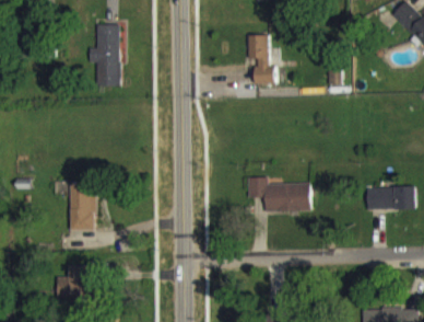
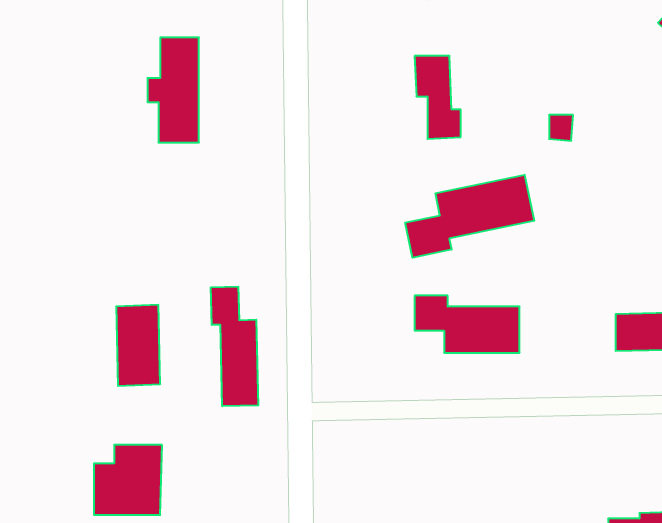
building: none -> [405,175,534,258]
building: none -> [211,287,258,406]

